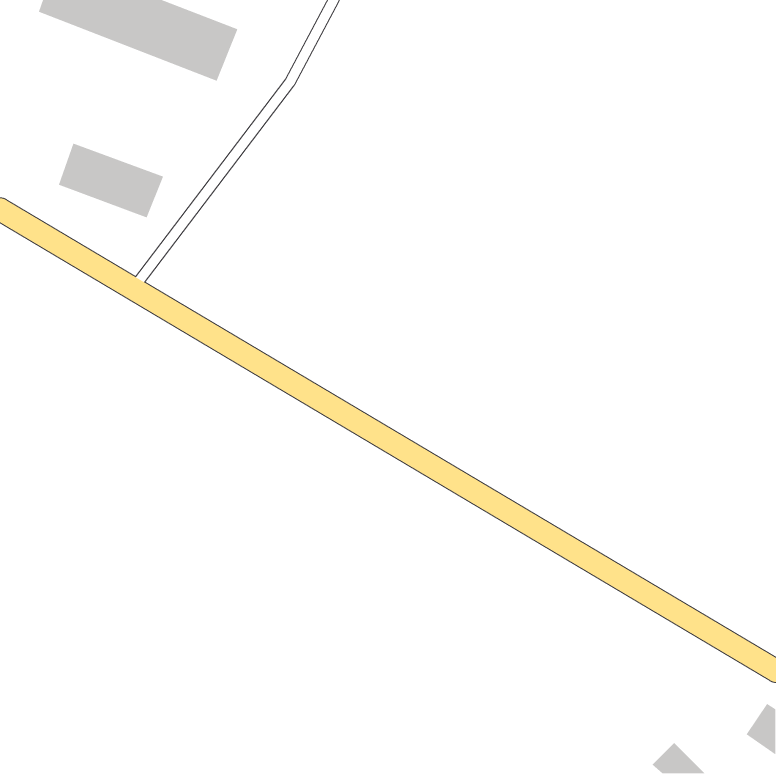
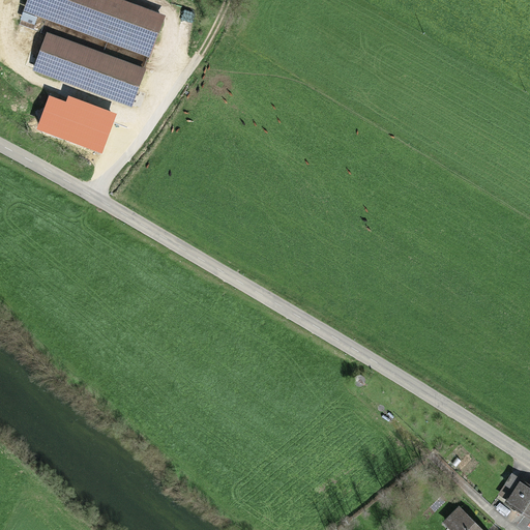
building: none -> [35,36,141,101]

